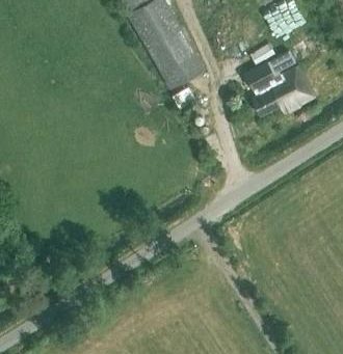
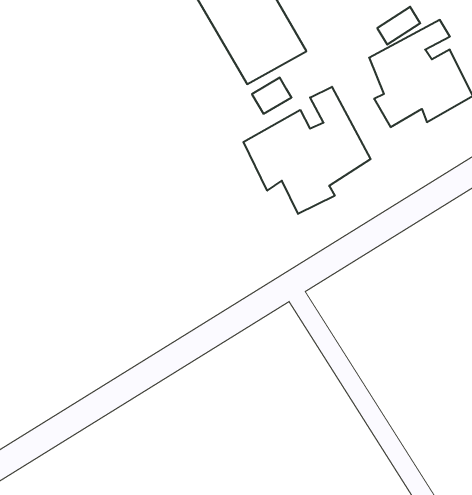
building: none -> [243,87,371,214]

